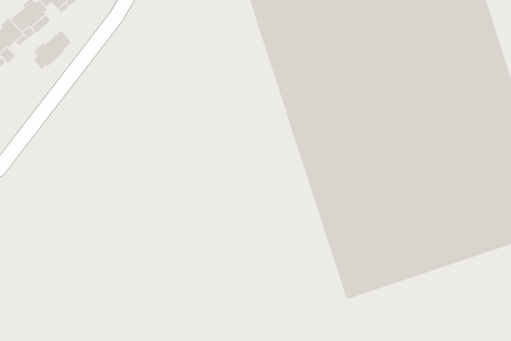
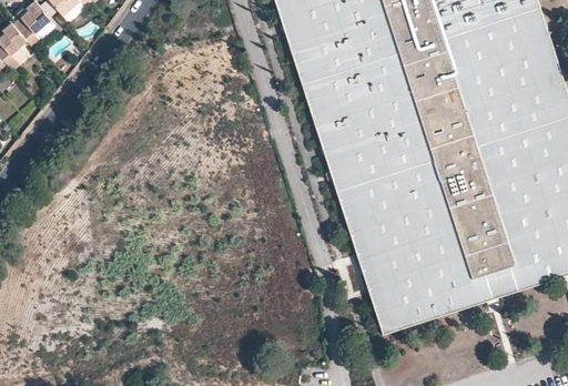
building: [33,30,72,69] -> none

